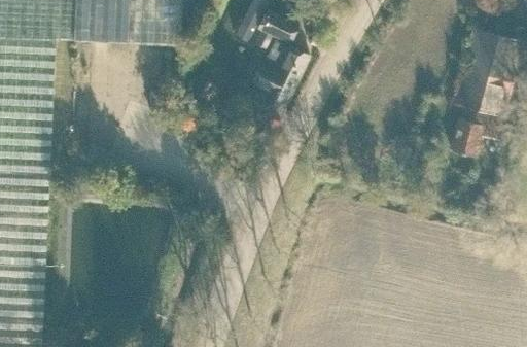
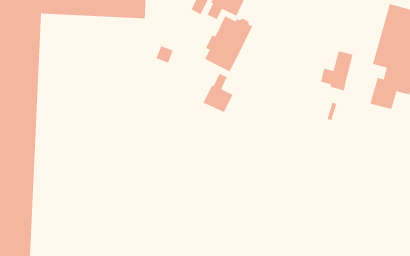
building: none -> [320,50,353,91]
building: none -> [203,73,233,113]

